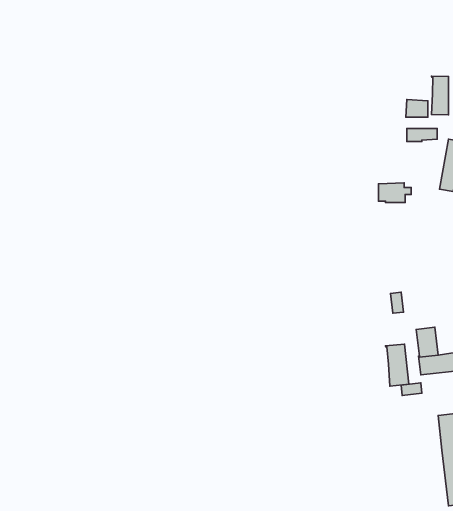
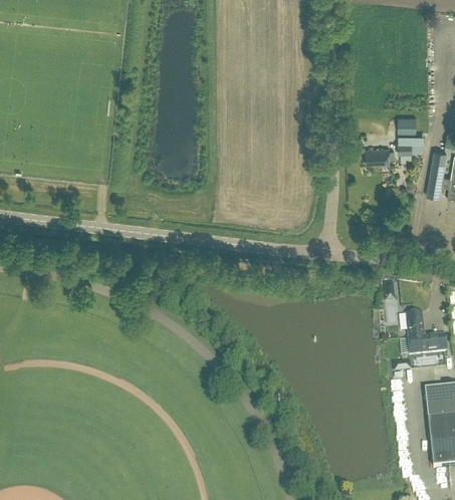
building: [432,76,448,115] -> none
building: [379,183,411,202] -> [366,147,394,164]
building: [385,344,409,386] -> none

